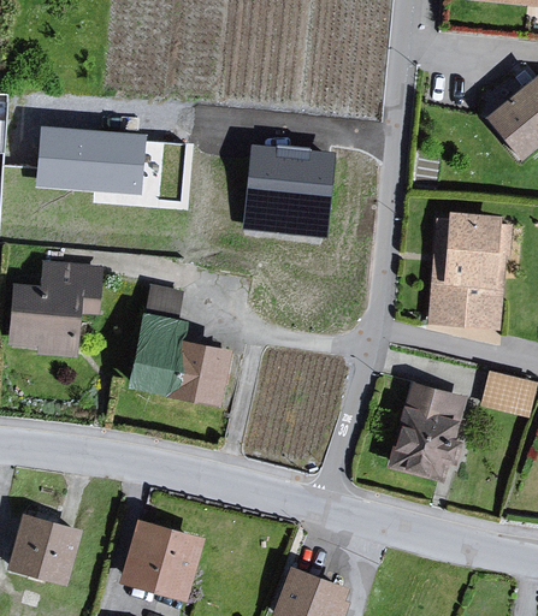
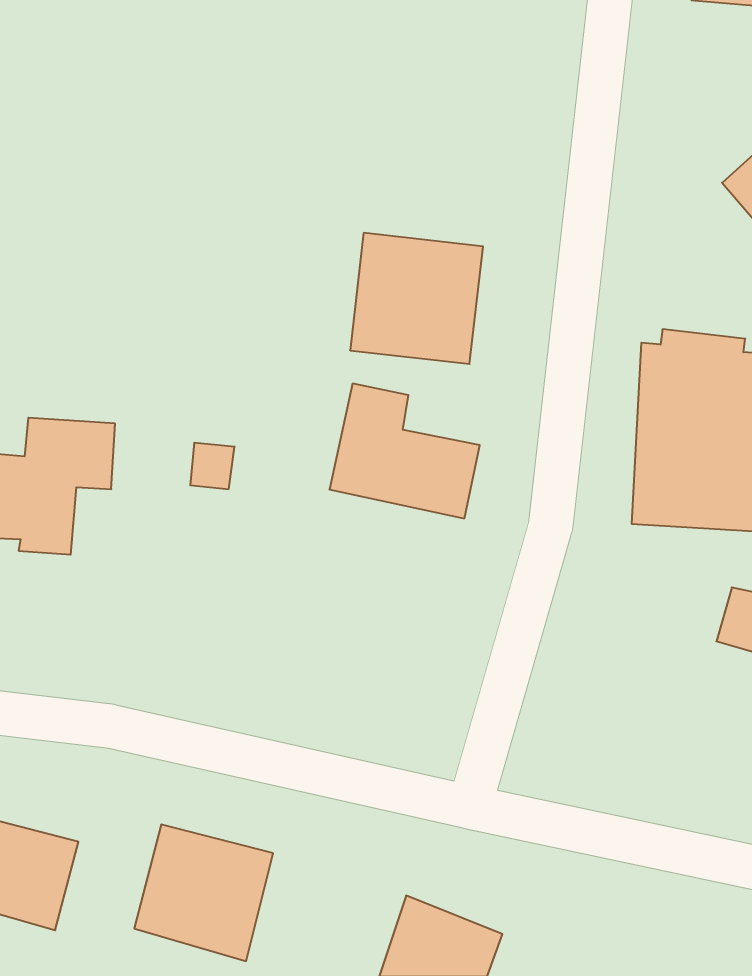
building: [42,129,146,189] -> none
building: [136,314,230,398] -> [329,384,480,518]
building: [386,381,467,482] -> none

